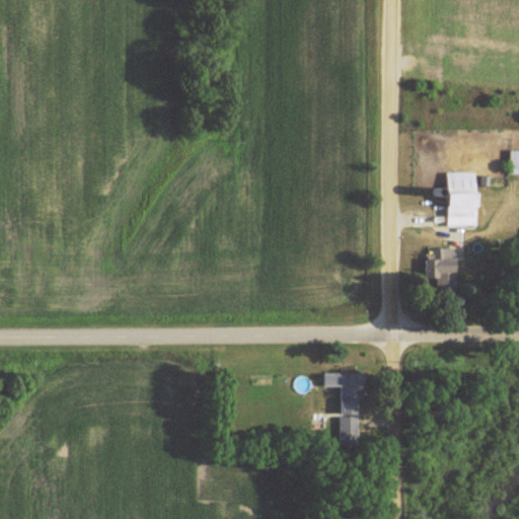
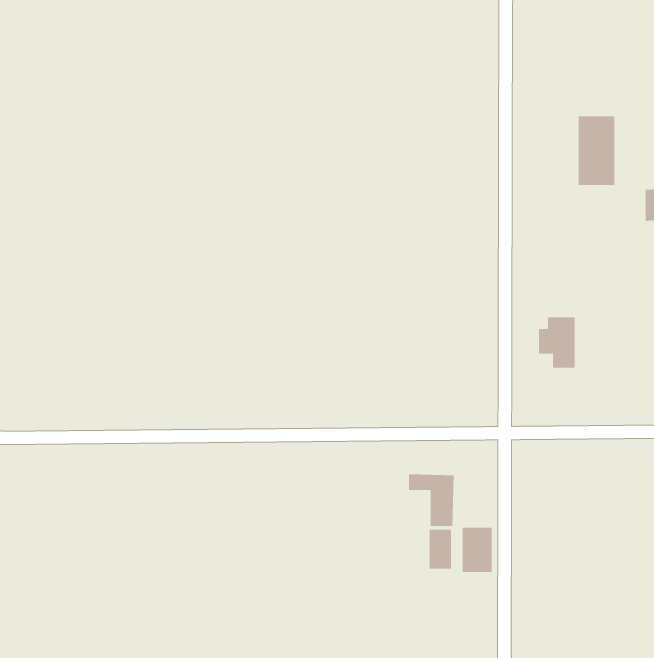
building: [448,172,477,227] -> [578,116,615,185]
building: none -> [462,527,492,573]

